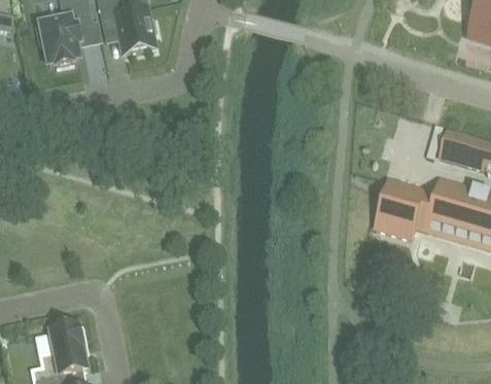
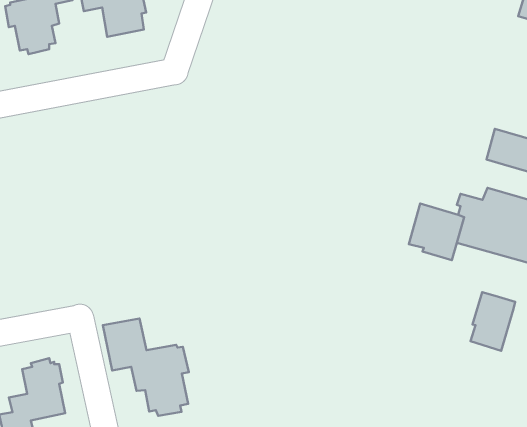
building: [384,177,418,203] -> none
building: none -> [470,292,515,351]
building: none -> [103,318,189,416]

